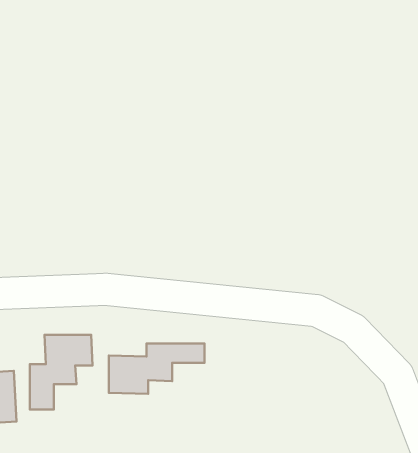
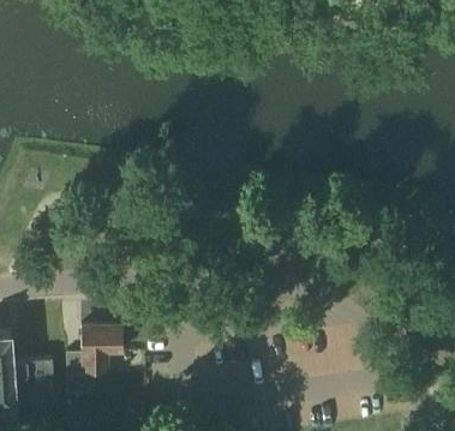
building: [109,344,205,394] -> none

